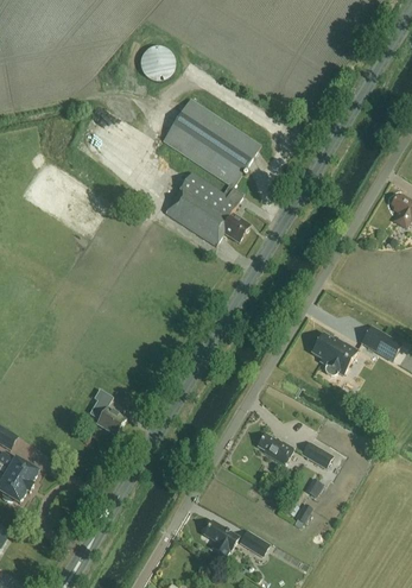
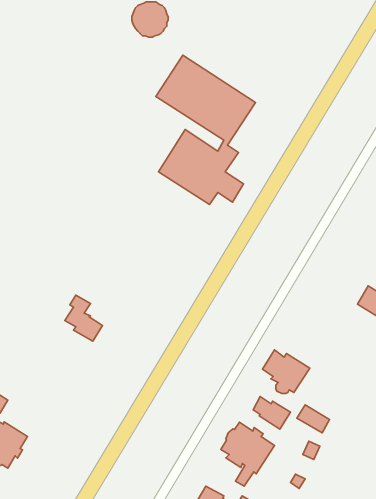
building: [311,333,357,375] -> [262,350,310,394]
building: [88,388,125,434] -> [65,295,103,341]
building: none -> [221,422,274,486]

